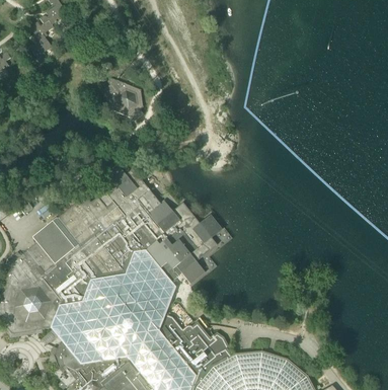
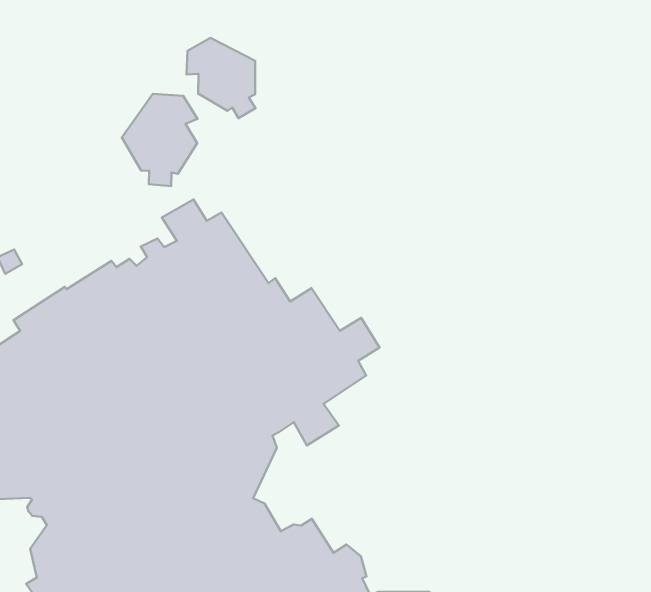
building: none -> [122,94,198,186]

